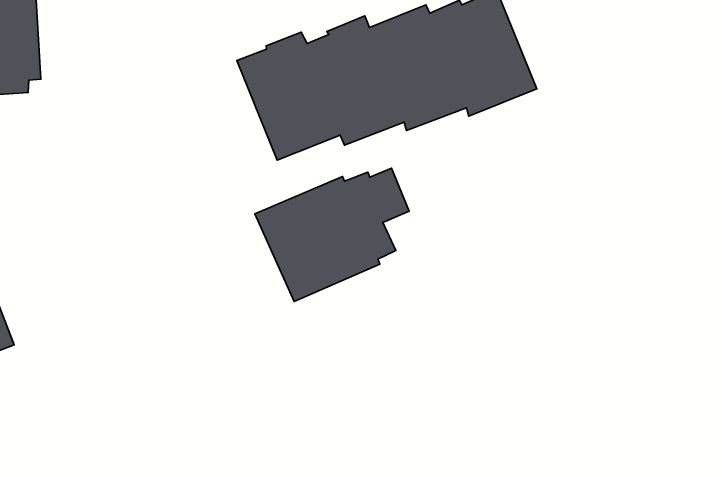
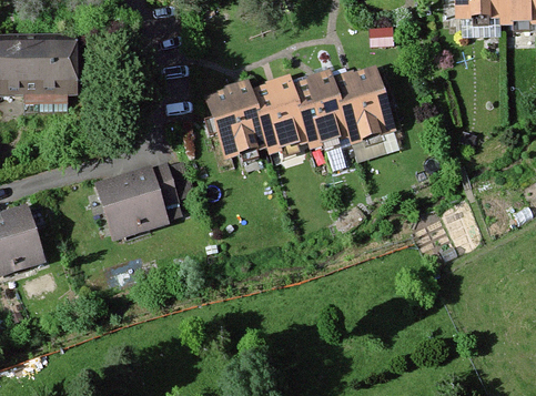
building: [255,168,409,301] -> [92,163,192,243]

